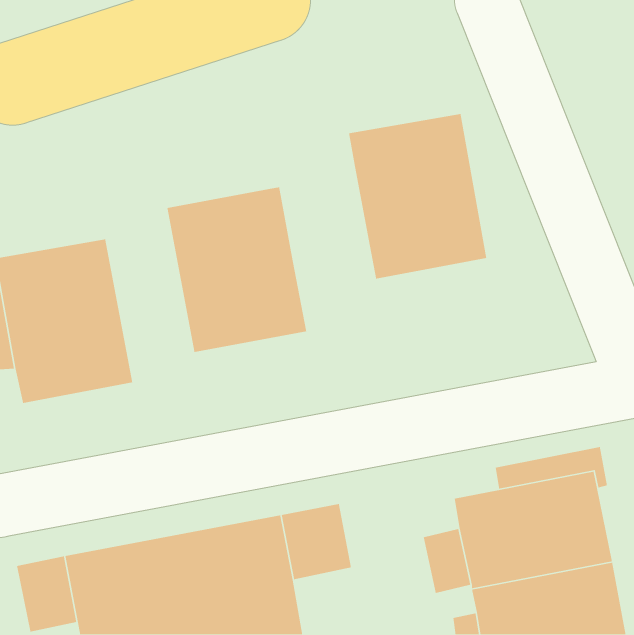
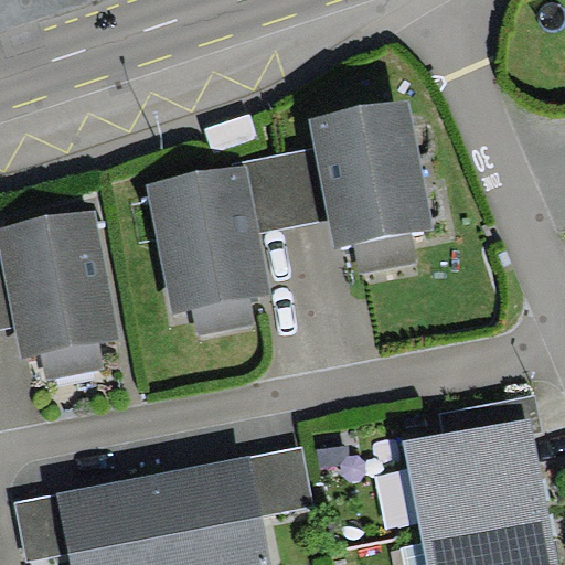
building: none -> [242,148,328,232]

